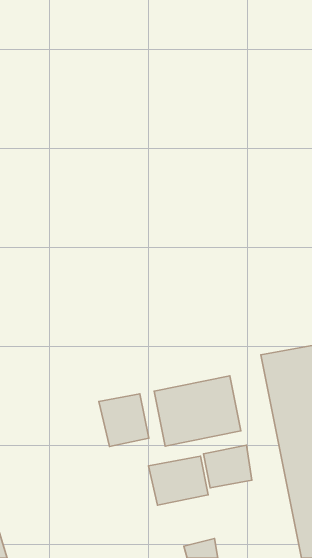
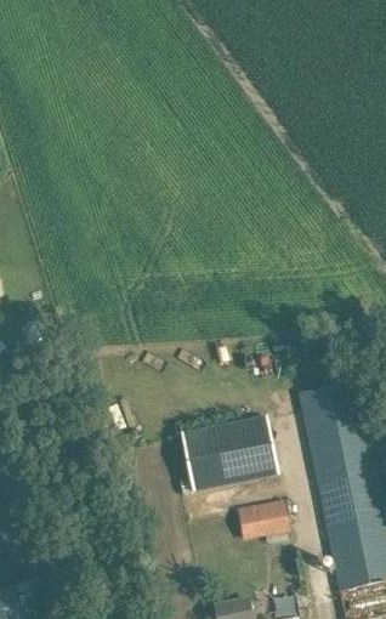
building: [99,394,149,447] -> none
building: [148,456,208,505] -> none

